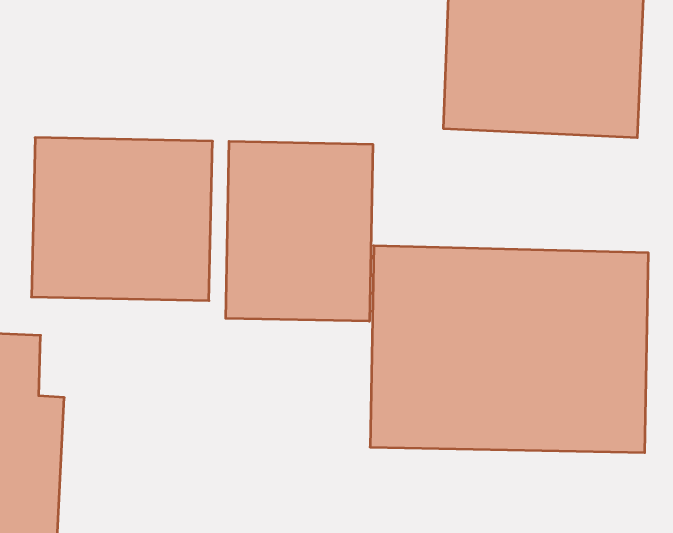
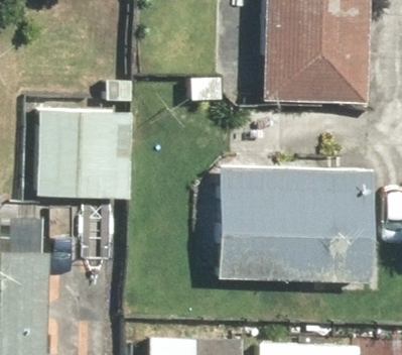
building: [226,141,373,321] -> none

